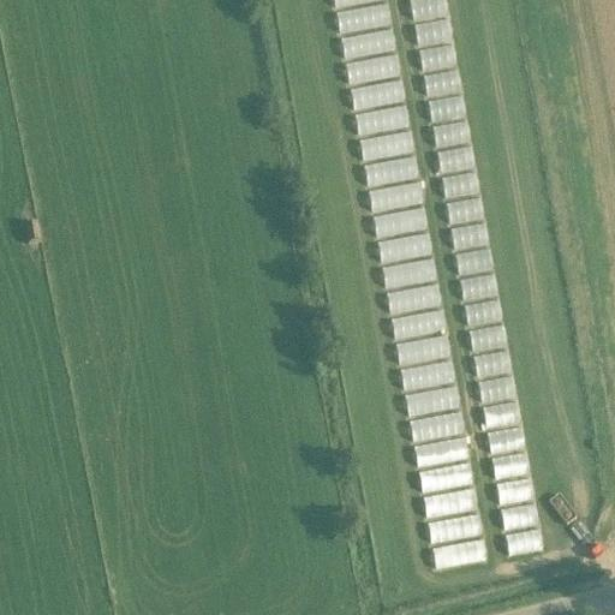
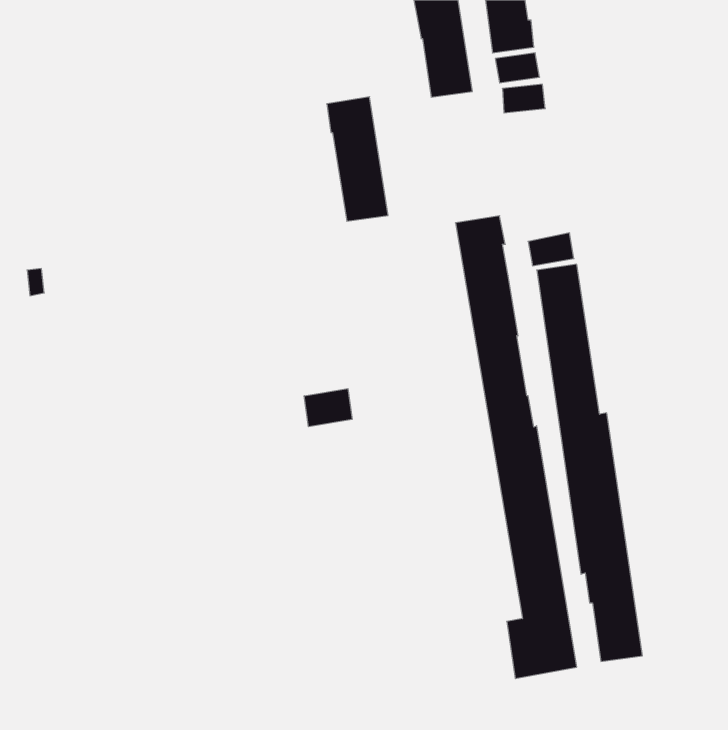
building: [365,79,417,184] -> [327,97,388,221]
building: [428,95,477,198] -> none
building: none -> [304,389,352,427]

